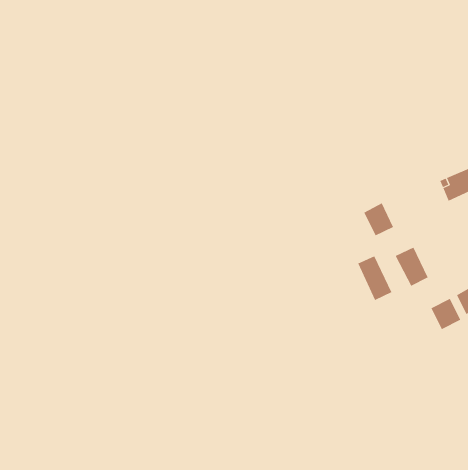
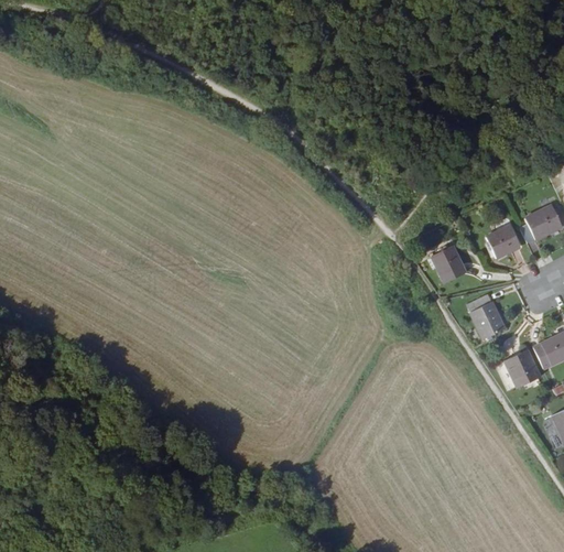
building: none -> [485,225,520,258]
building: [358,256,392,301] -> none

